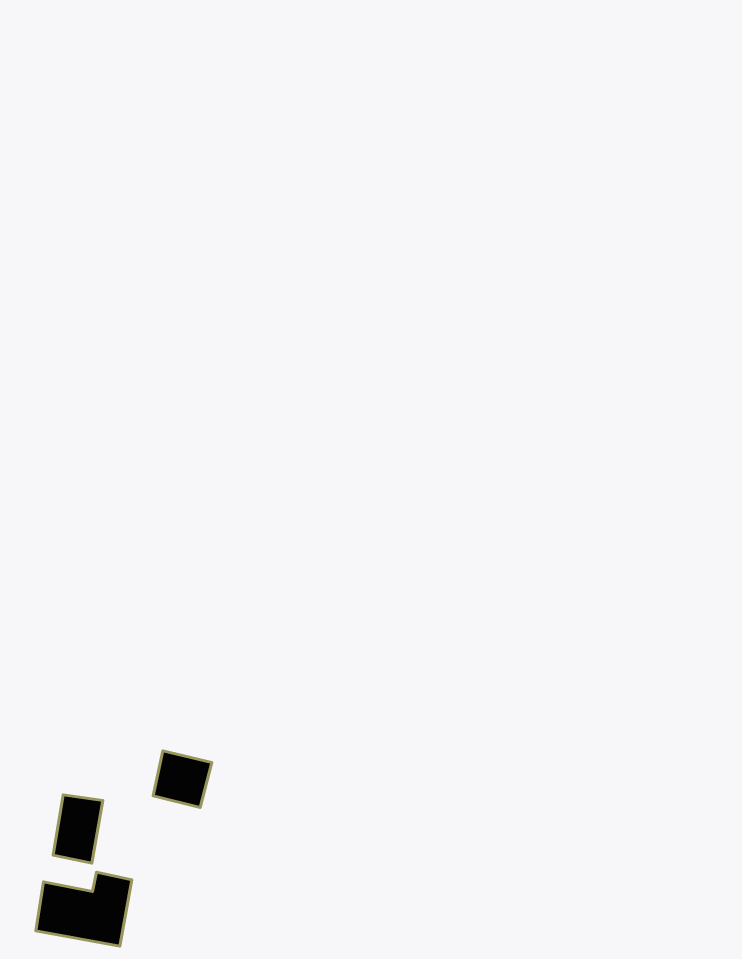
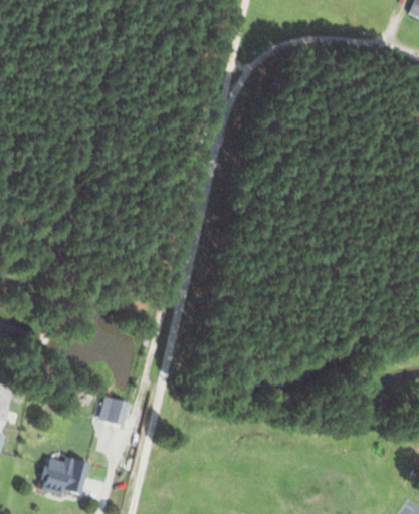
building: [53,795,103,863] -> none

